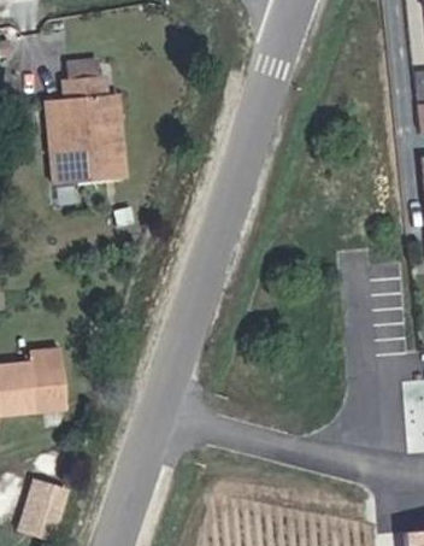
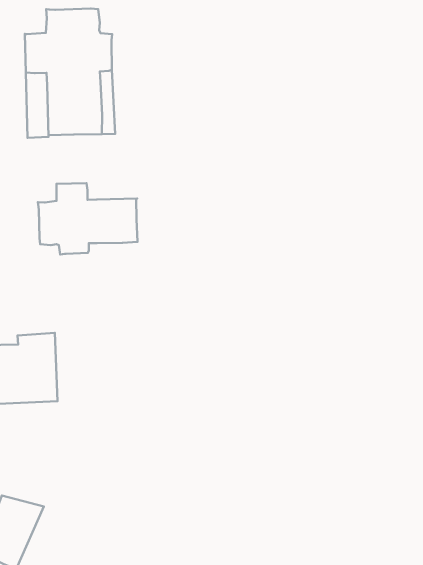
building: none -> [38,183,137,255]

